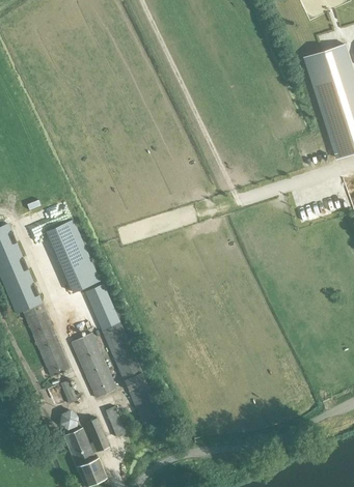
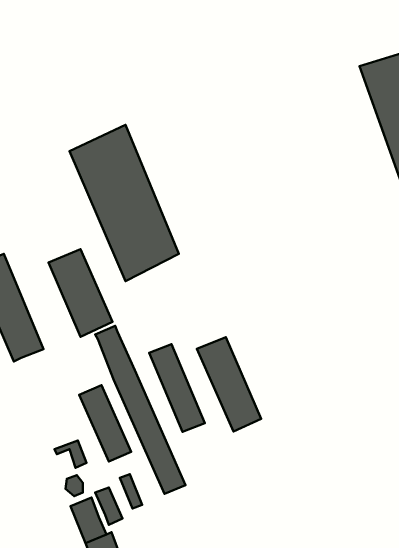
building: none -> [69,125,179,281]
building: none -> [197,337,261,432]
building: [21,303,67,376] -> [149,344,205,432]

